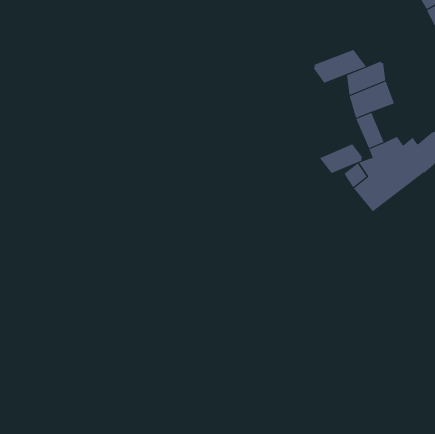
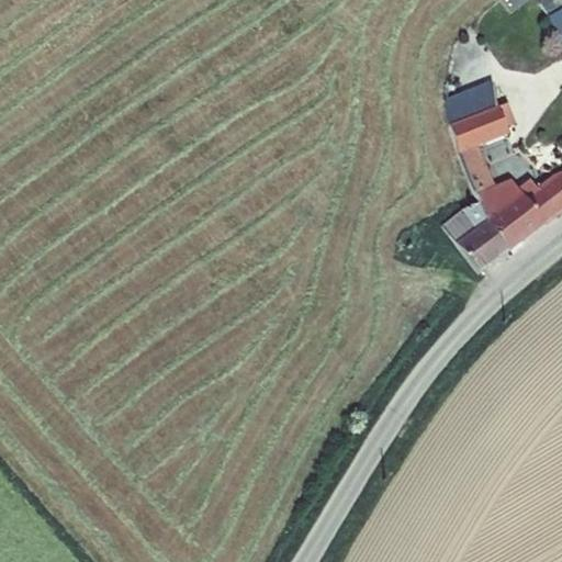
building: [313,49,367,83] -> none
building: [319,143,363,174] -> none

